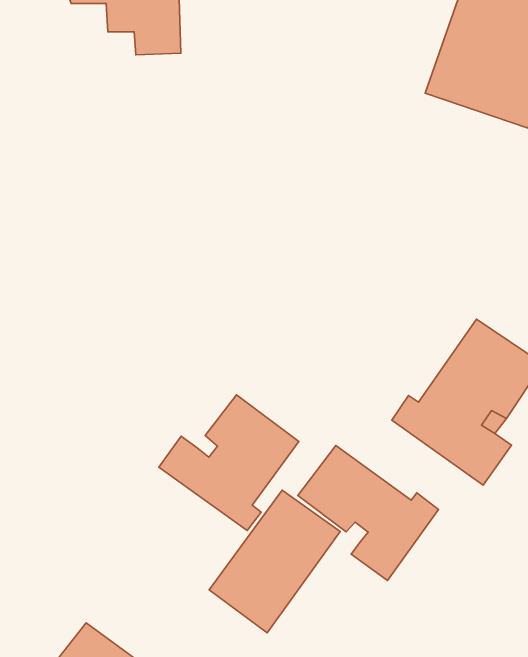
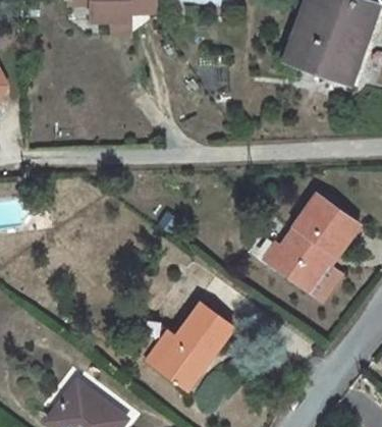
building: [159,395,299,531] -> none
building: [298,446,439,580] -> none

